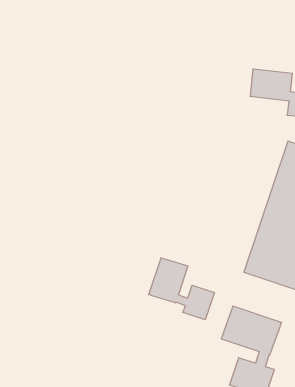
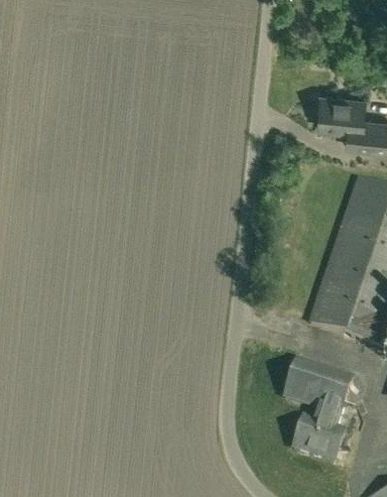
building: [149,258,214,320] -> none

